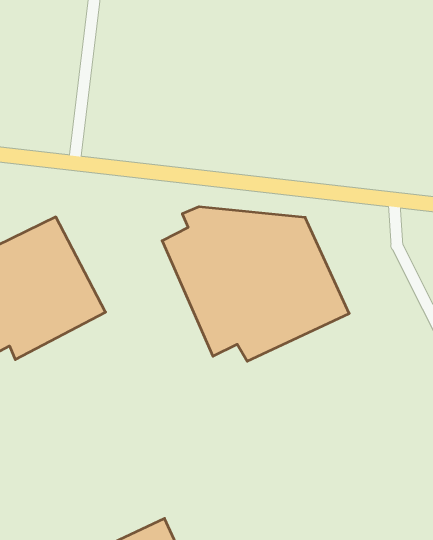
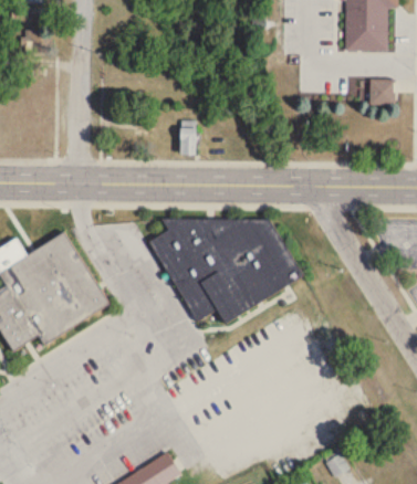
building: none -> [179,125,196,160]

